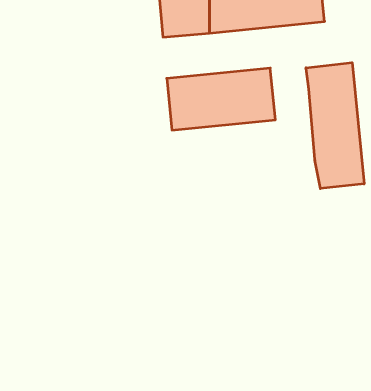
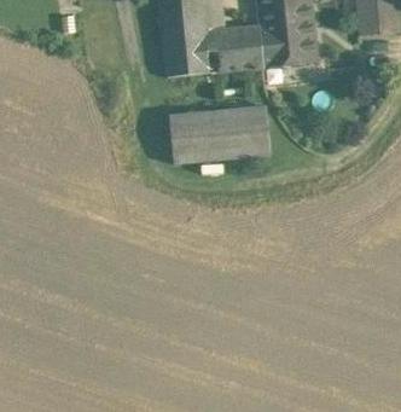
building: [306,63,364,189] -> none

